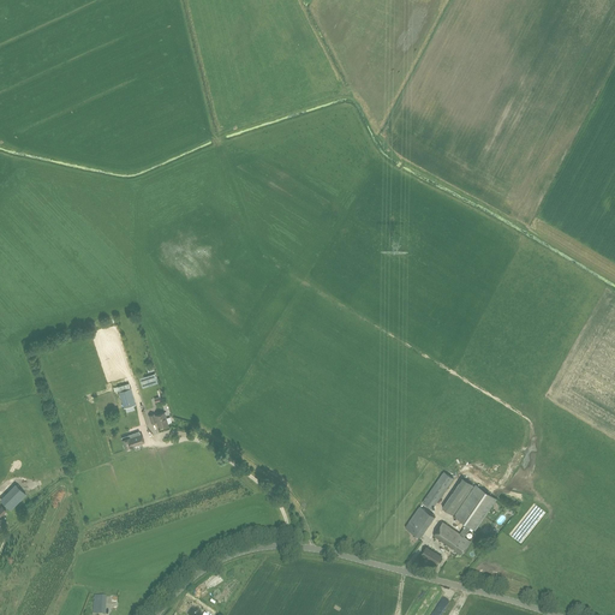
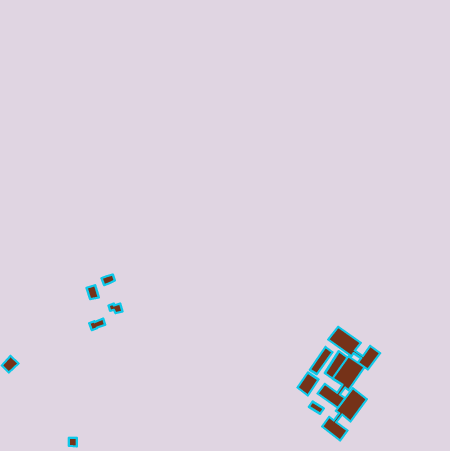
building: none -> [328,327,380,370]
building: none -> [322,388,367,441]

